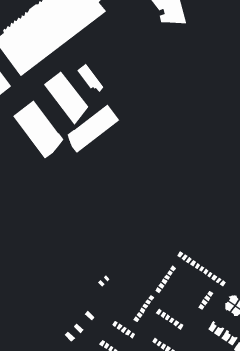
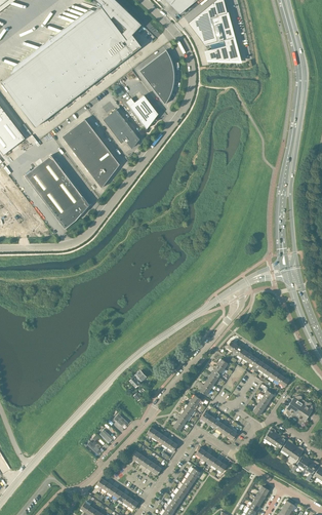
building: none -> [139,49,174,104]
building: none -> [129,95,158,129]
building: [67,104,120,154] -> none

